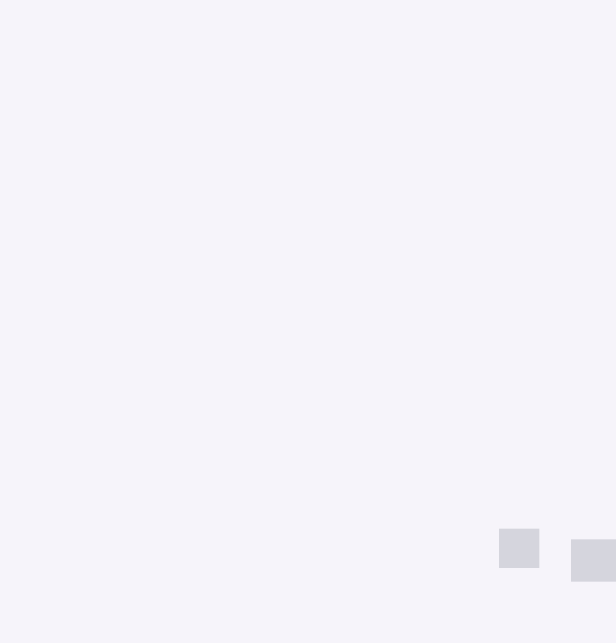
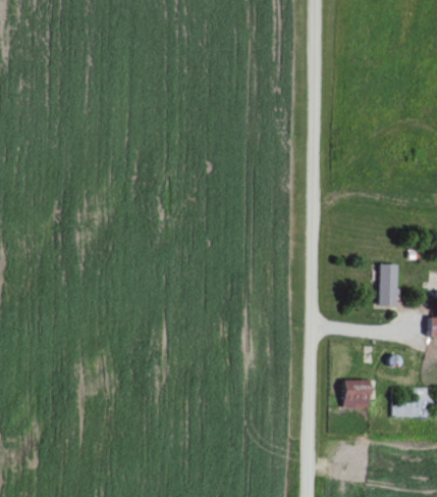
building: none -> [379,263,398,306]

